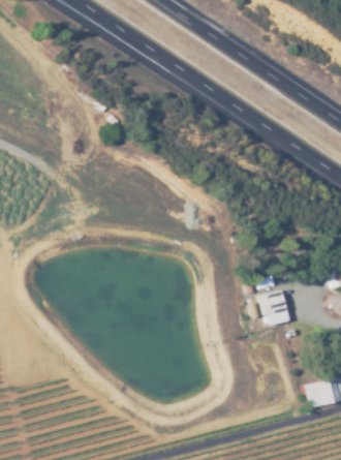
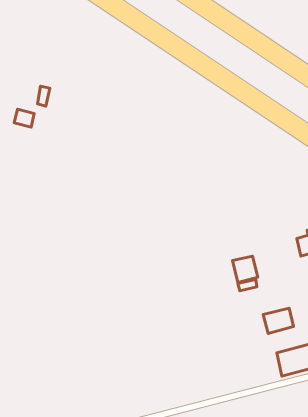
building: none -> [263,308,293,333]

